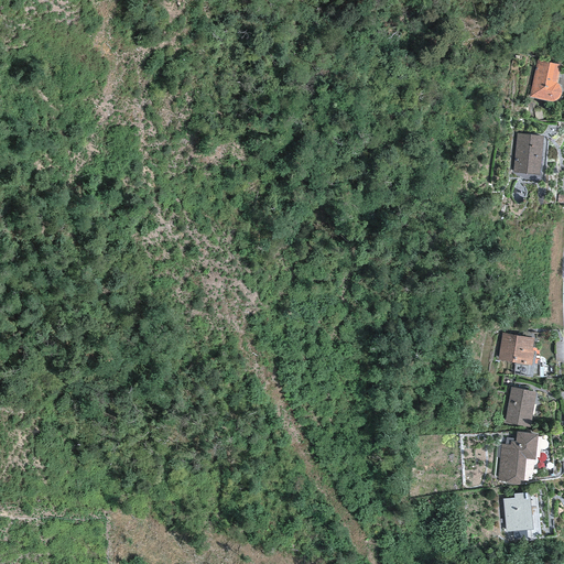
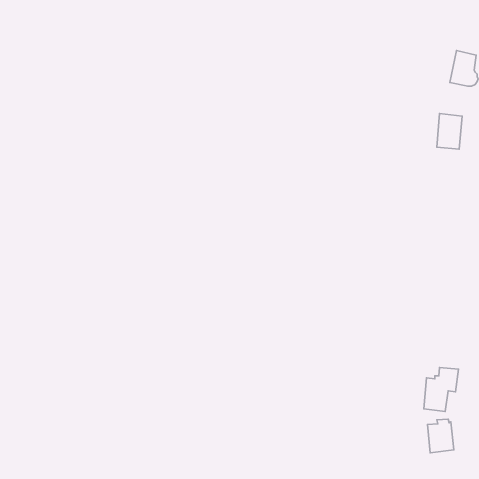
building: [498,334,534,365] -> none
building: [505,387,535,426] -> none

